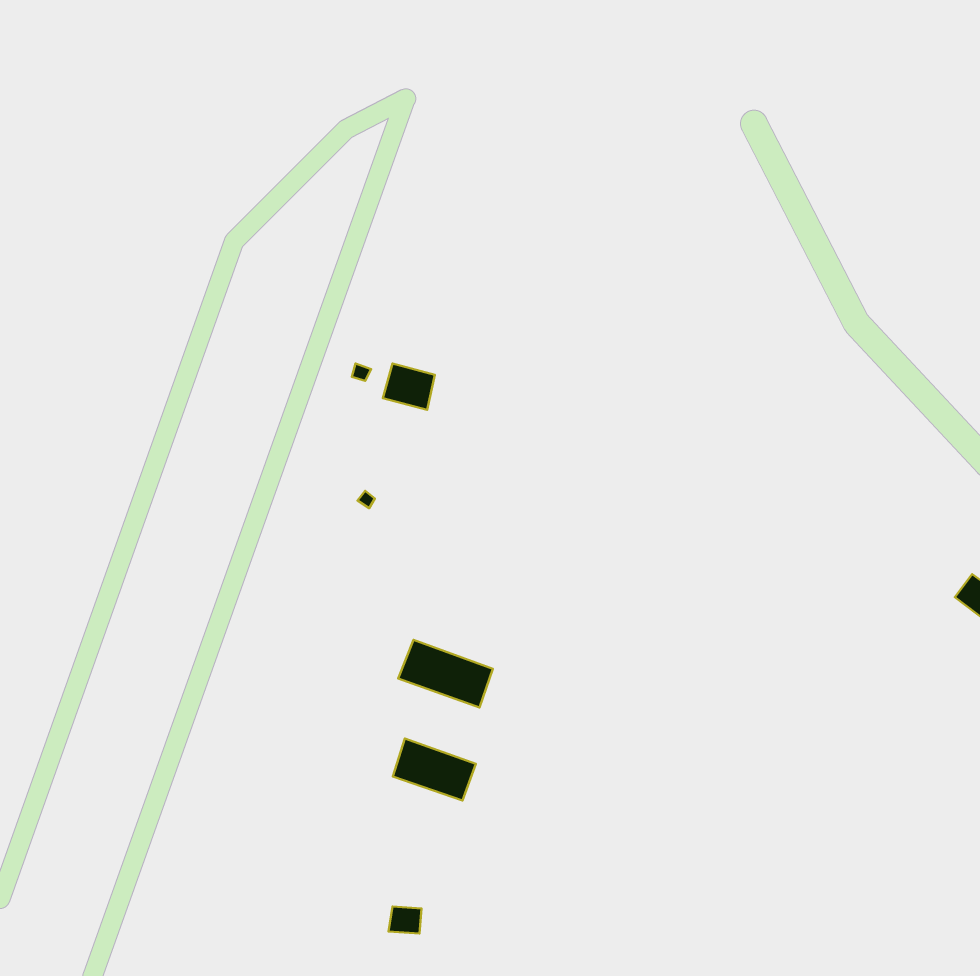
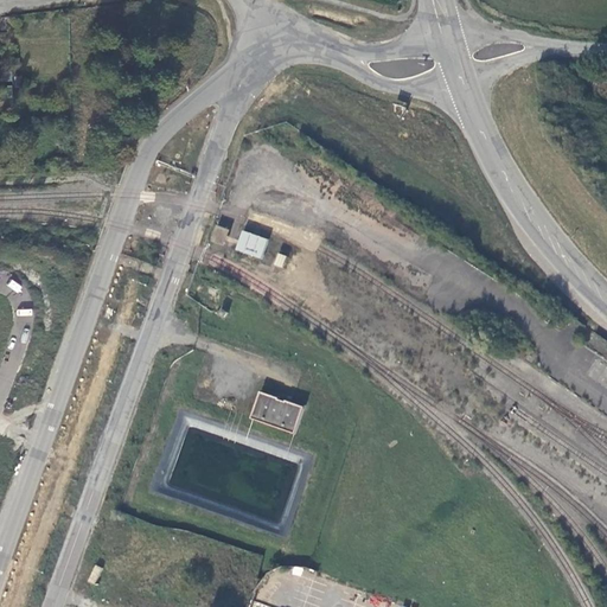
building: [393,738,476,801] -> none

